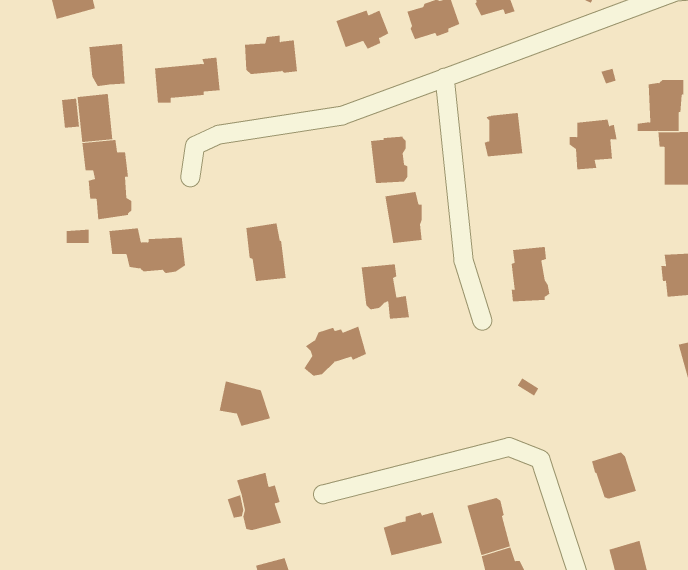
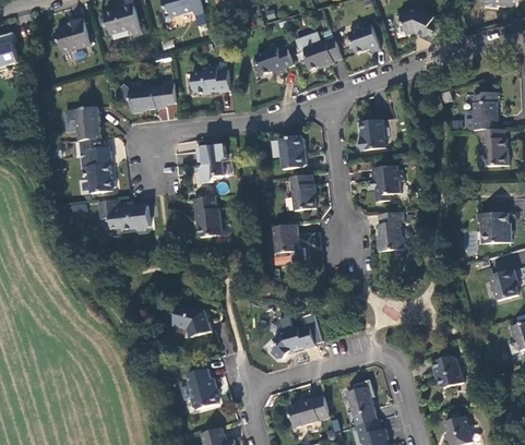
building: [89,43,125,87] -> none
building: [569,119,618,170] -> [369,165,403,200]
building: none -> [200,144,225,180]
building: [304,326,367,376] -> [272,323,315,358]

